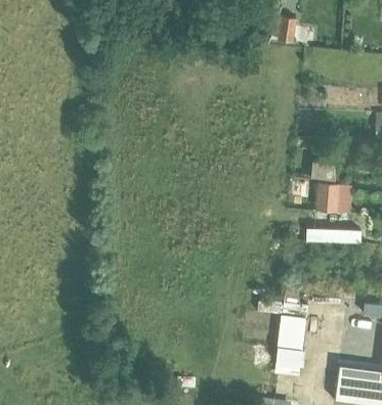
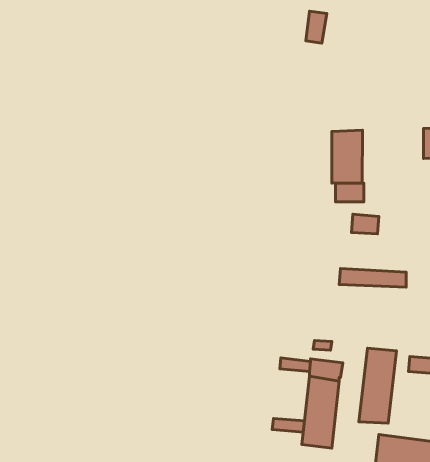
building: none -> [332,130,362,183]
building: none -> [359,348,397,423]

